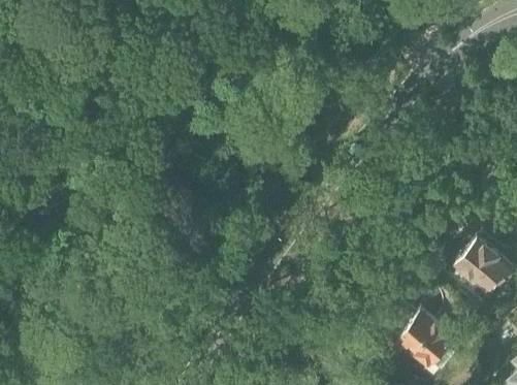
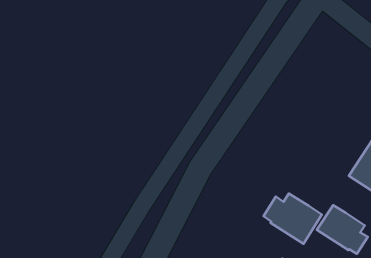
building: none -> [263,194,322,244]

